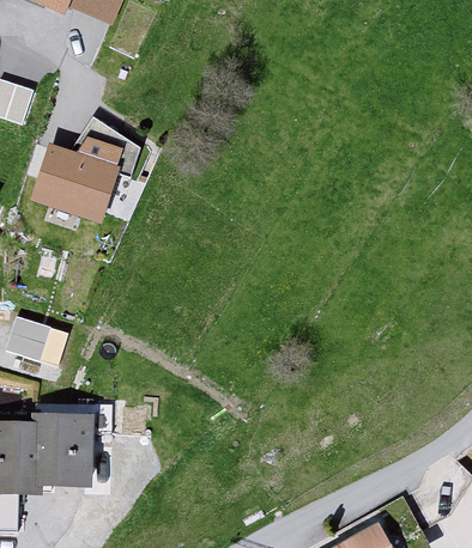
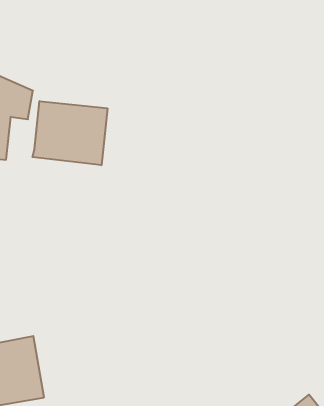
building: none -> [32,101,107,165]

